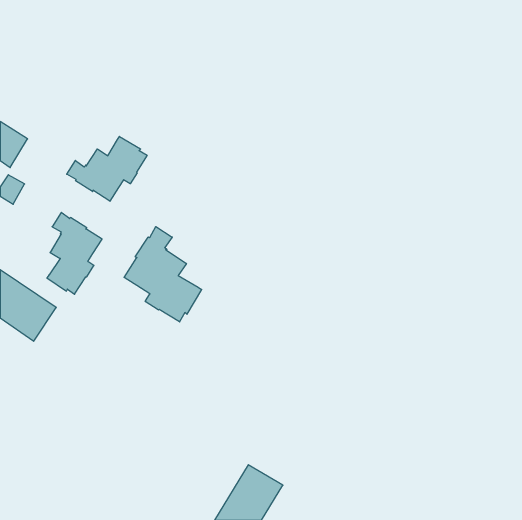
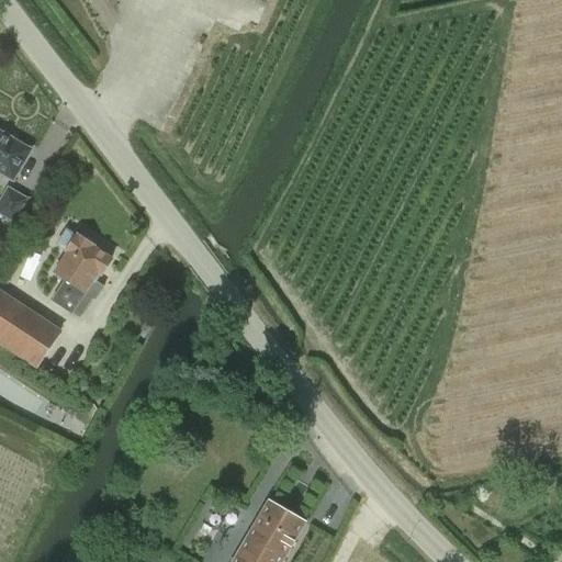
building: [67,136,147,201] -> none
building: [124,227,202,322] -> none

